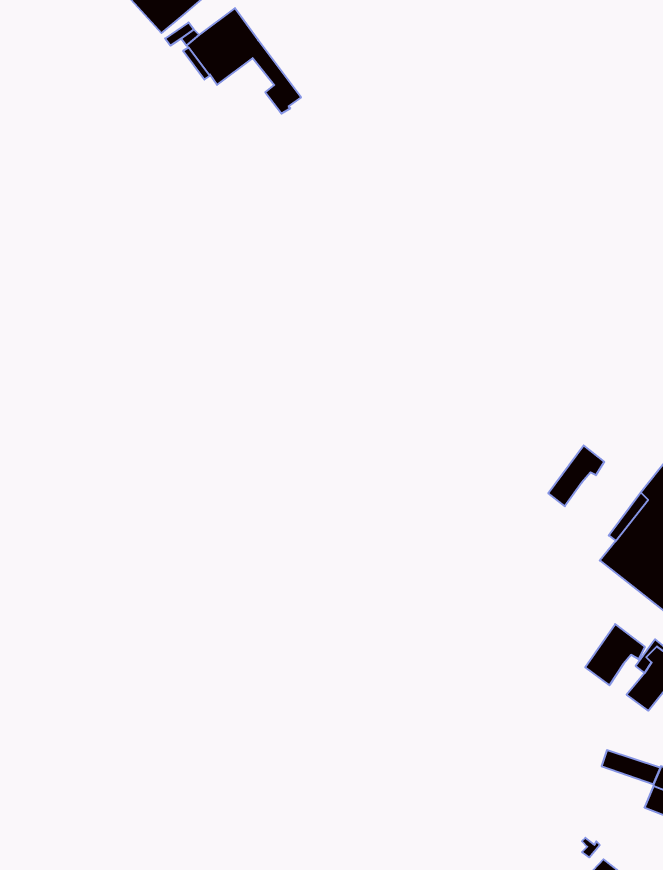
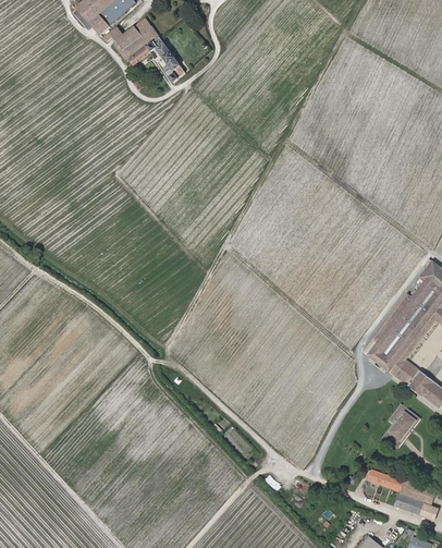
building: [548,445,604,506] -> none
building: [585,624,645,685] -> none

